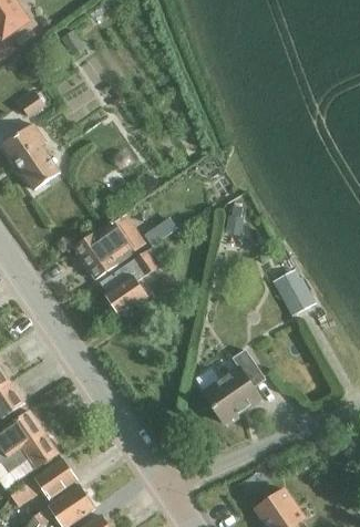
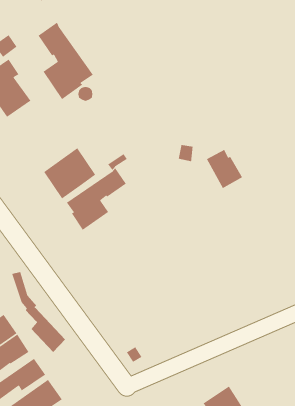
building: none -> [37,9,94,100]
building: [272,270,315,316] -> [206,149,243,189]
building: [196,351,266,424] -> none
building: none -> [11,271,66,353]

